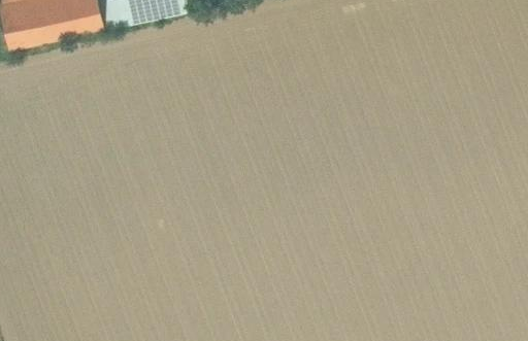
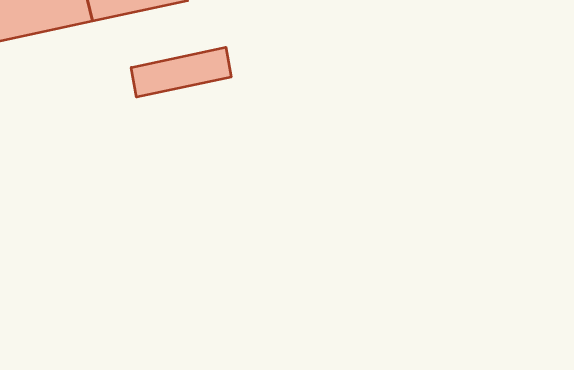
building: none -> [131,47,231,97]

